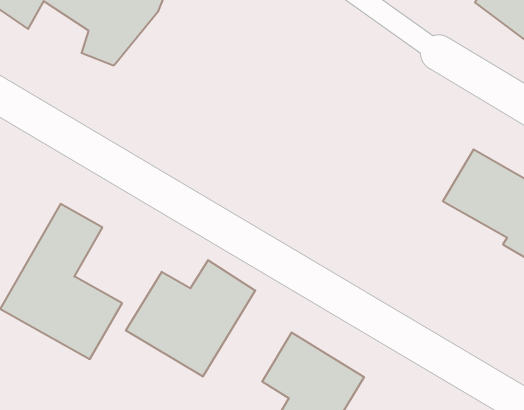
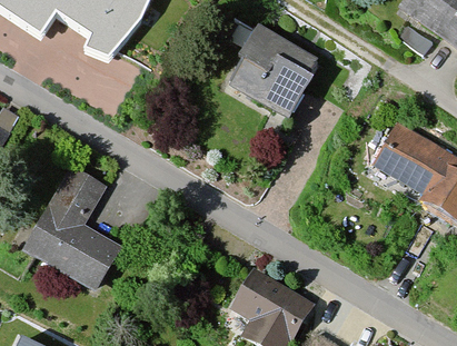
building: none -> [228,26,317,119]
building: [126,260,255,377] -> none

